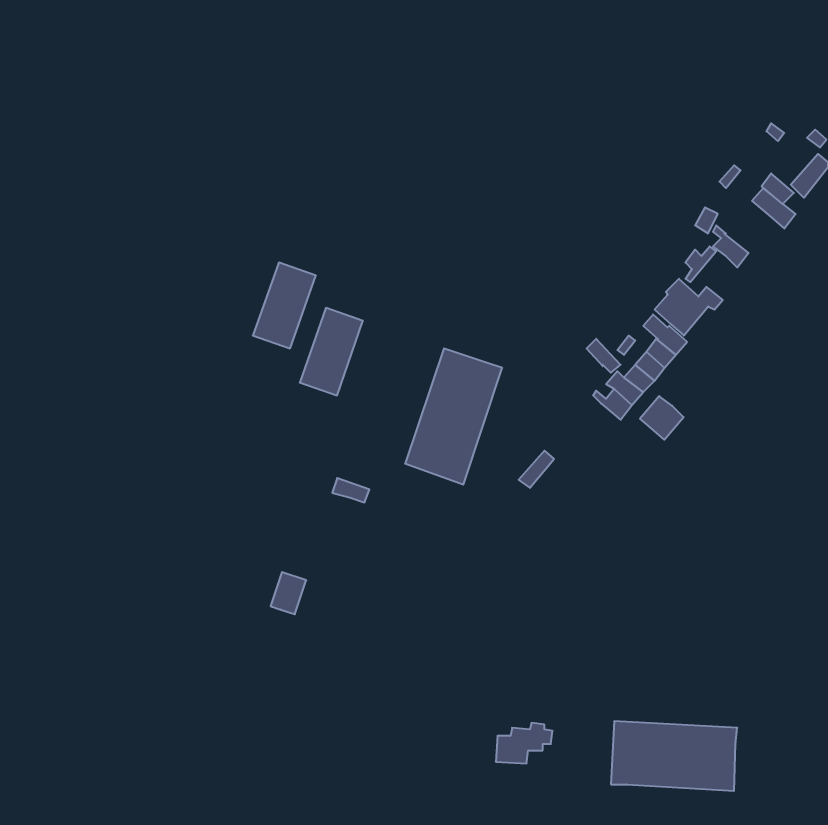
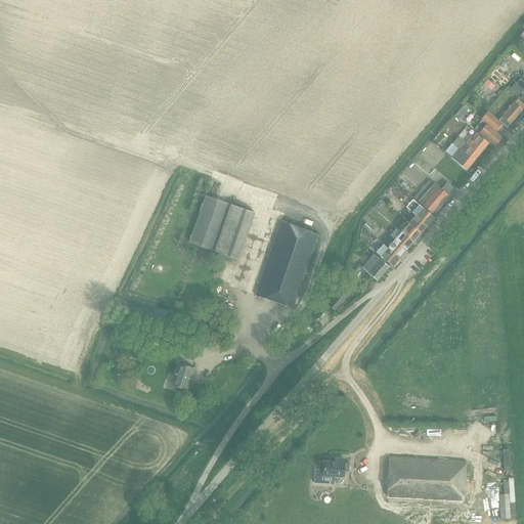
building: none -> [457,134,488,160]
building: [253,263,316,348] -> [214,203,254,257]
building: [640,396,684,440] -> [361,252,389,279]

